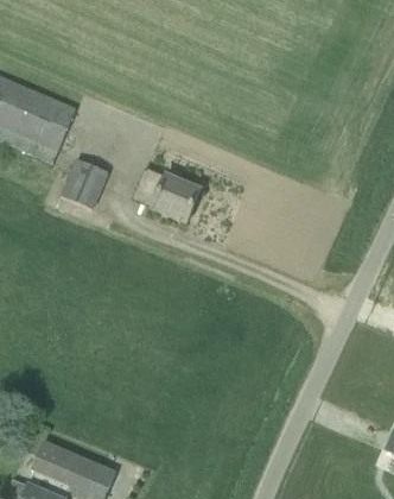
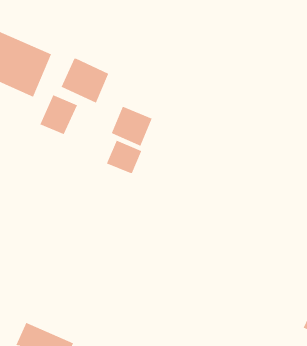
building: none -> [61,58,109,103]
building: none -> [106,140,142,174]

